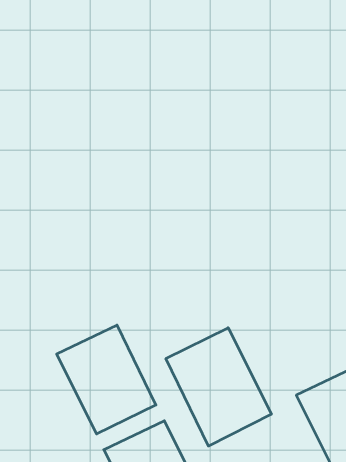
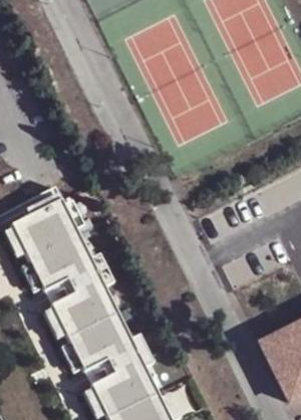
building: none -> [11,201,94,291]
building: [166,328,271,446] -> none

